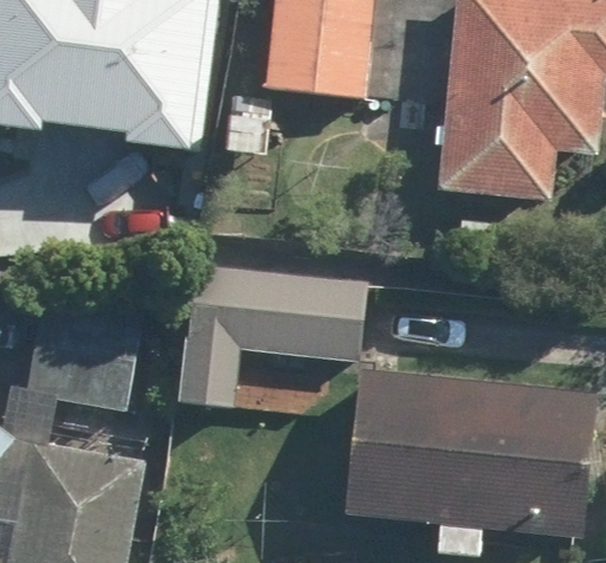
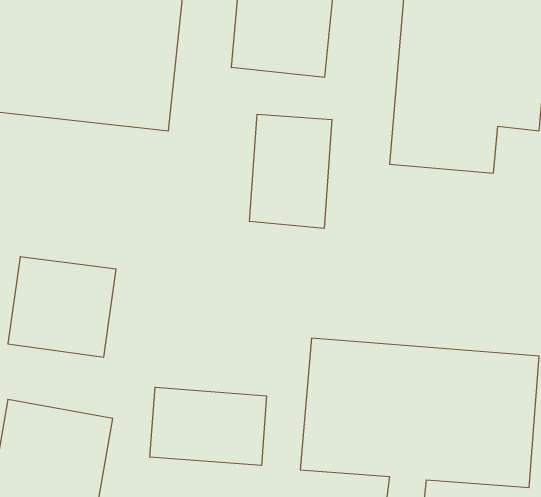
building: none -> [250,114,332,228]
building: [176,265,365,407] -> none
building: none -> [150,387,266,465]

